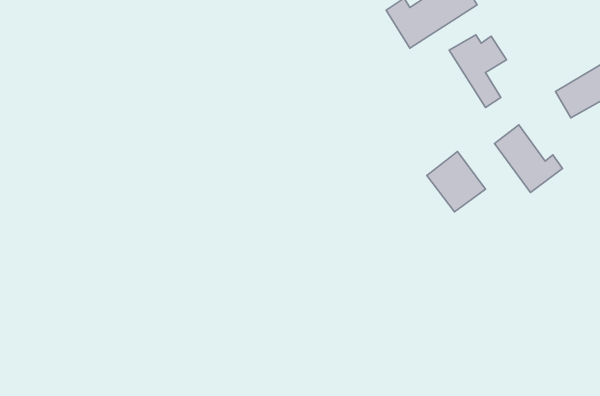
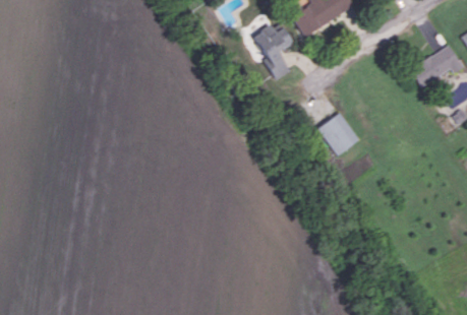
building: [449,35,506,107] -> [251,25,293,78]
building: [494,125,562,193] -> none

